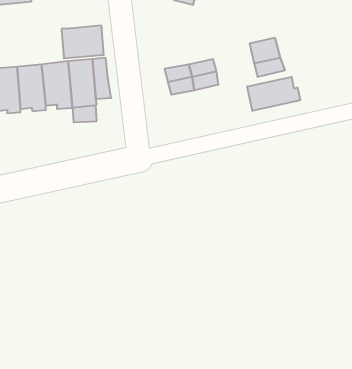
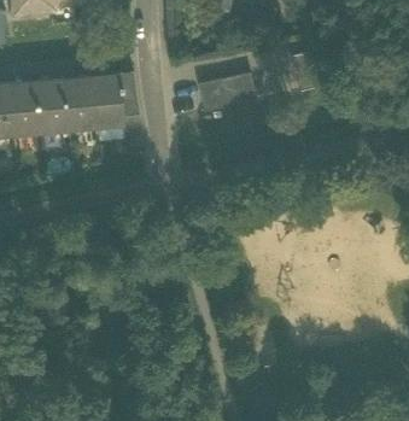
building: [62,25,104,59] -> none
building: [247,77,300,111] -> none

